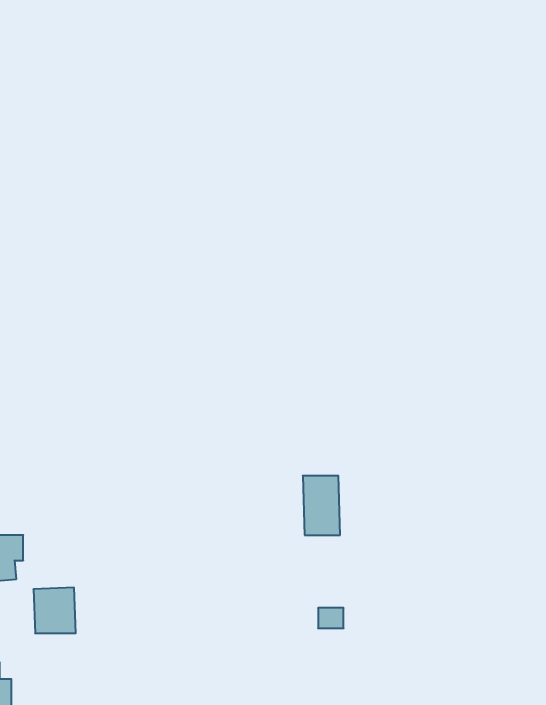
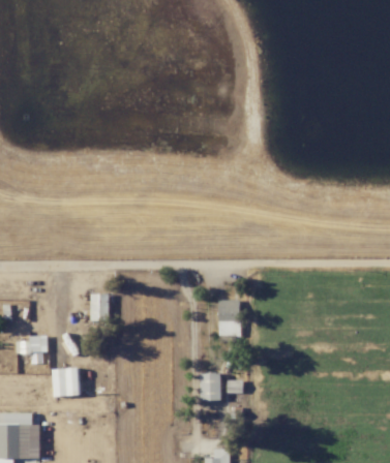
building: none -> [90,294,109,320]
building: none -> [200,373,221,401]

